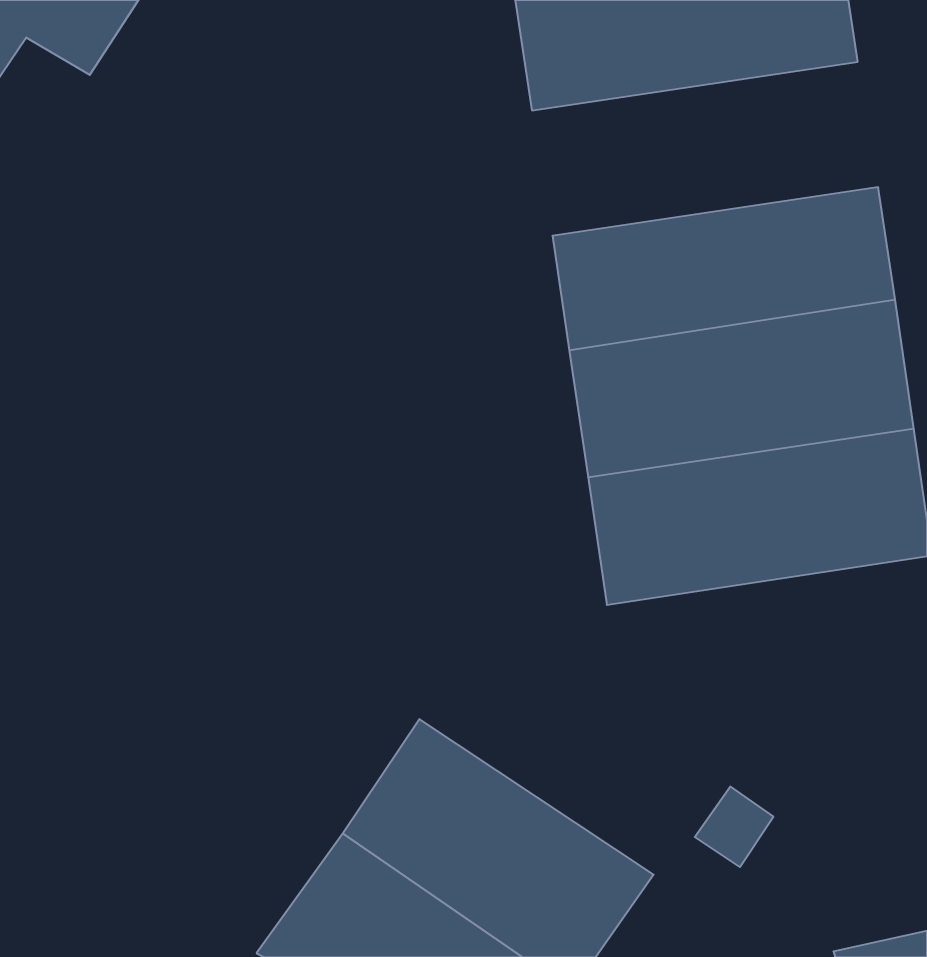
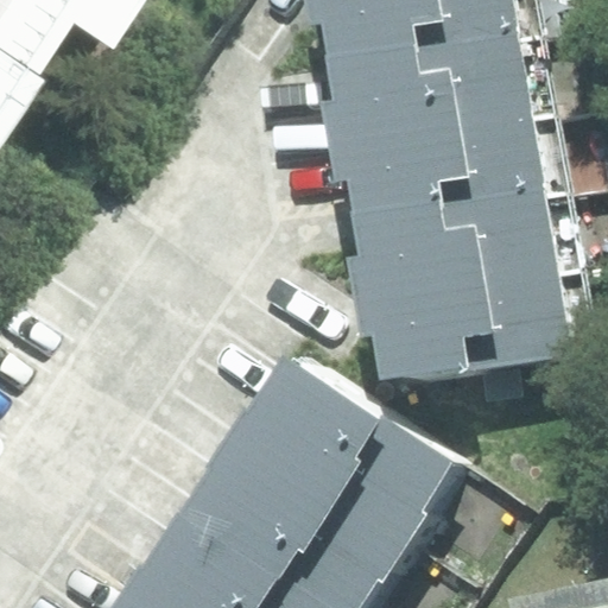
building: none -> [337,39,557,150]
building: none -> [266,355,479,555]

